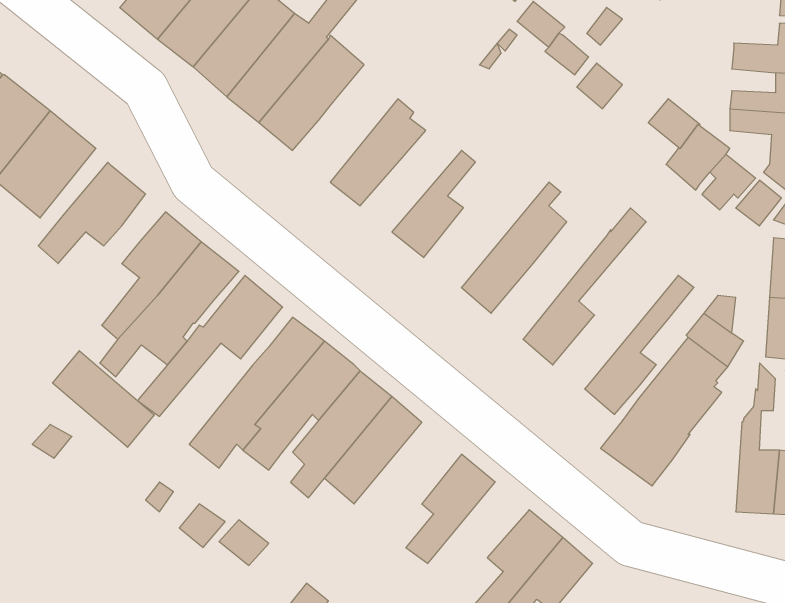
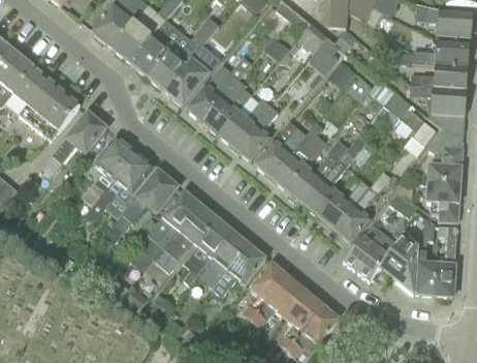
building: none -> [186,55,251,121]
building: none -> [218,97,271,147]
building: none -> [254,120,306,176]
building: none -> [286,139,348,203]
building: none -> [318,179,370,229]
building: [53,351,154,447] -> none
building: none -> [380,231,417,293]
building: none -> [215,246,265,295]
building: none -> [253,277,306,326]

